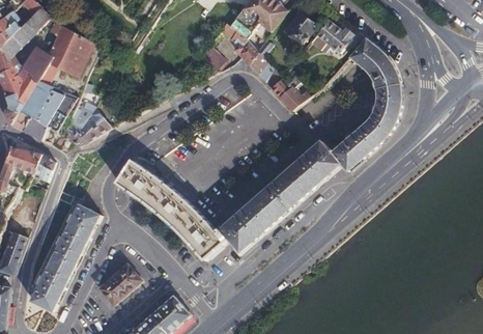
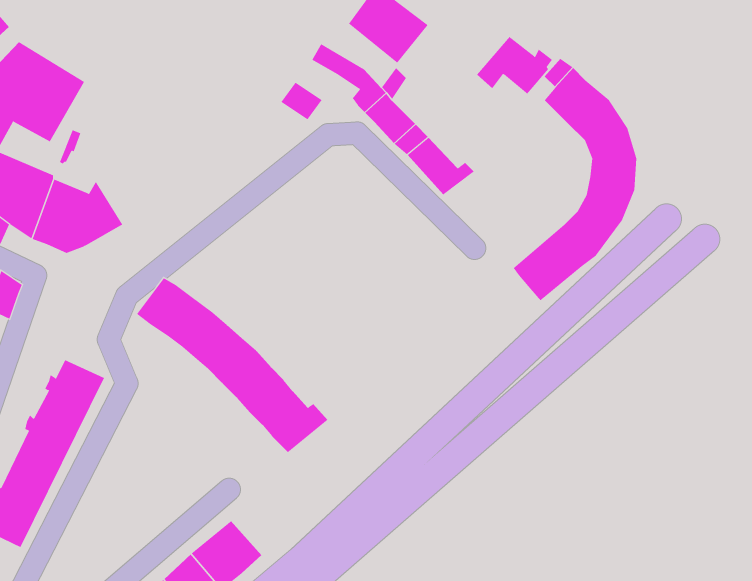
building: [286,13,316,47] -> none
building: [219,141,340,251] -> none
building: [96,263,140,306] -> none

